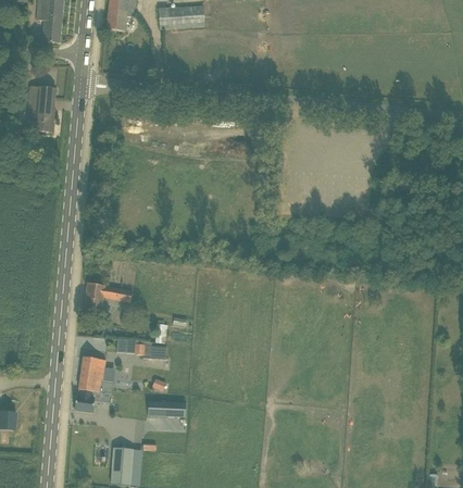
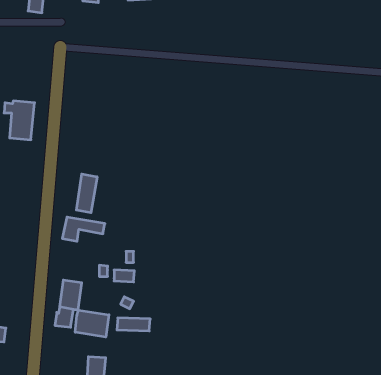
building: [20,86,55,132] -> [4,101,35,140]
building: none -> [76,174,97,213]
building: none -> [75,310,109,337]

